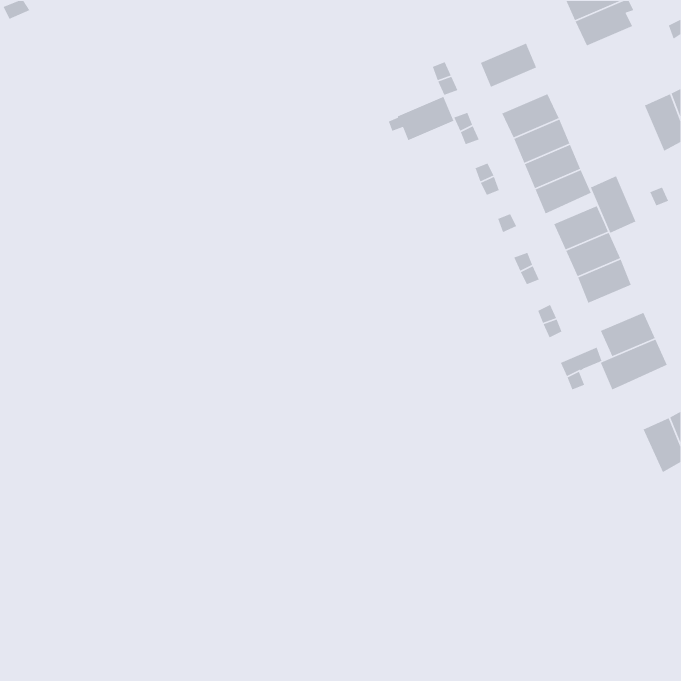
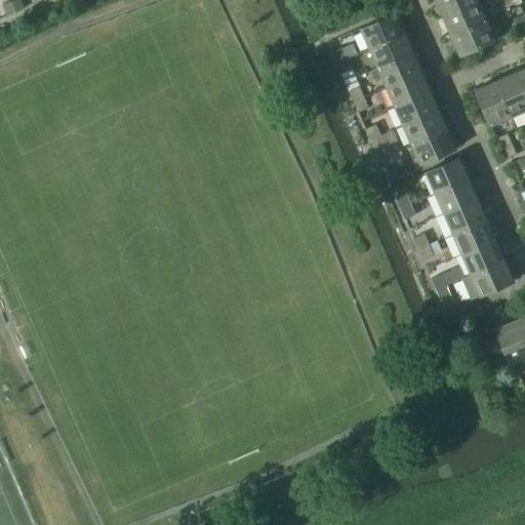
building: none -> [360,13,405,48]
building: none -> [451,21,495,56]
building: [388,96,454,141] -> [370,52,421,87]
building: [590,175,637,234] -> [475,81,511,126]
building: none -> [452,219,495,254]

